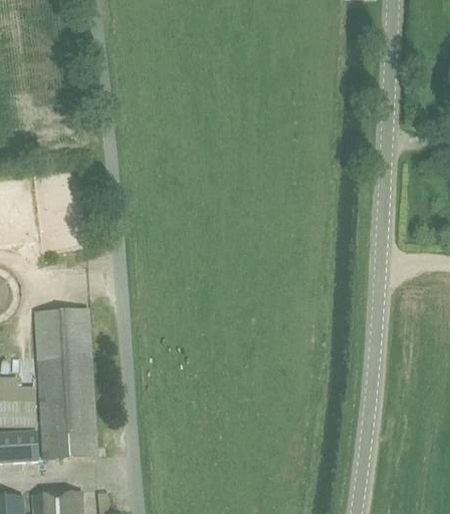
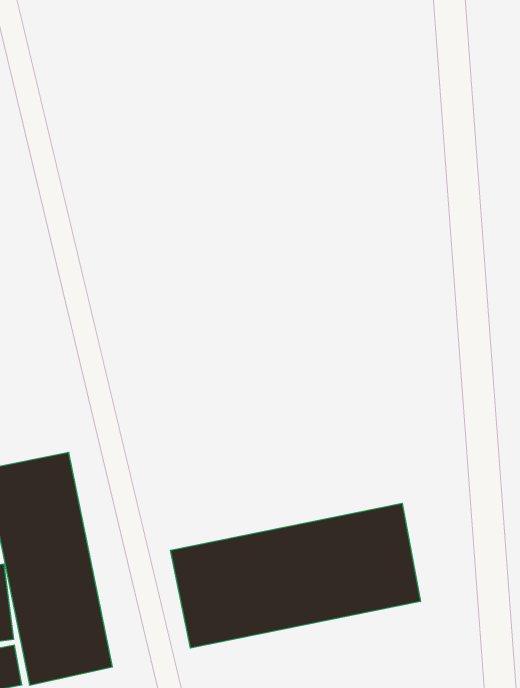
building: none -> [170,503,420,648]

